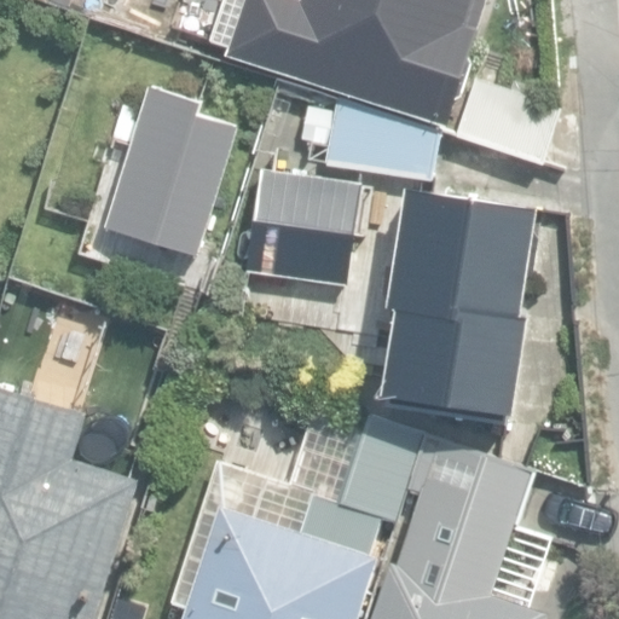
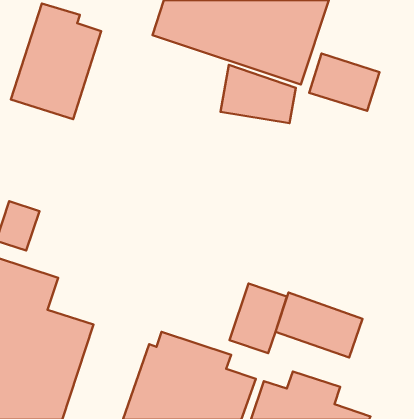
building: [103,86,236,256] -> [11,3,101,119]
building: [248,169,359,285] -> none
building: [381,189,536,413] -> none

